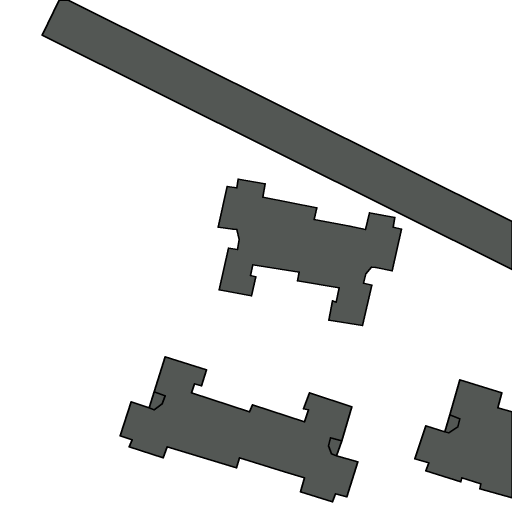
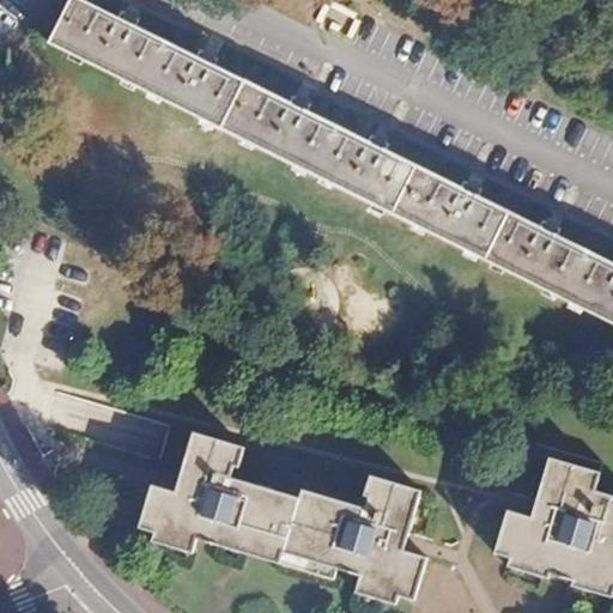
building: [218,179,402,325] -> none

